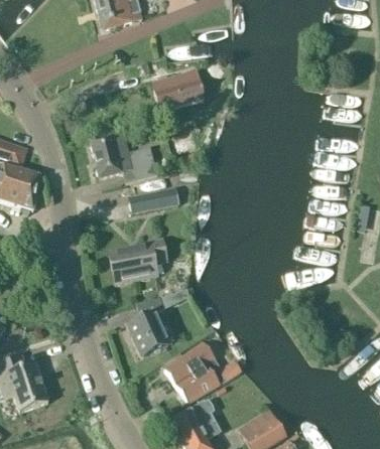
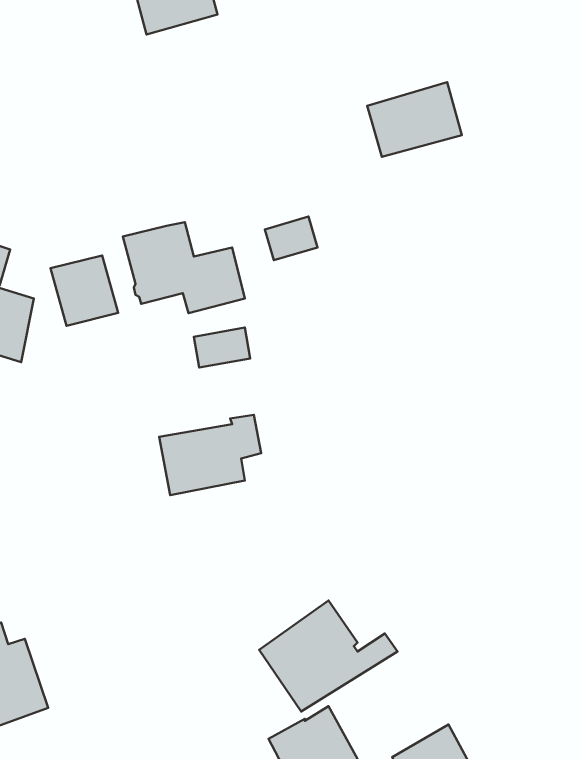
building: [152,68,205,110] -> [367,82,462,157]
building: none -> [50,255,118,326]
building: [129,296,168,354] -> none

